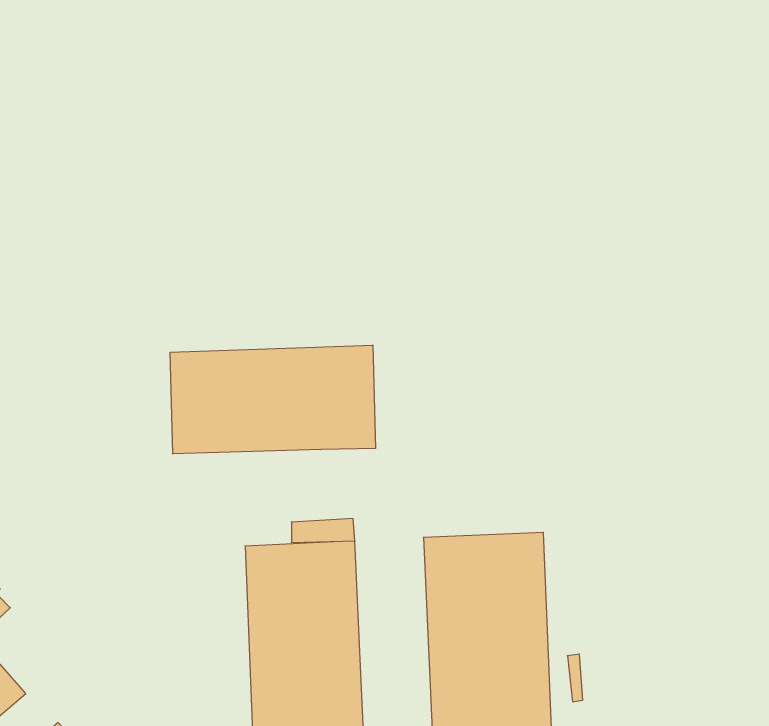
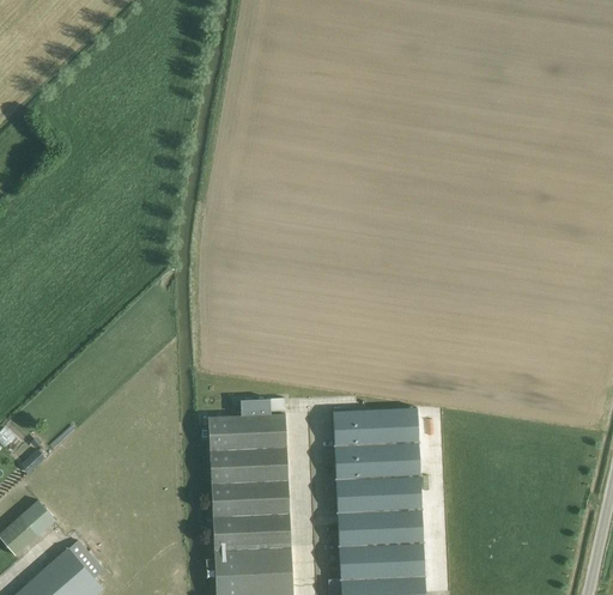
building: [170,345,375,454] -> none

